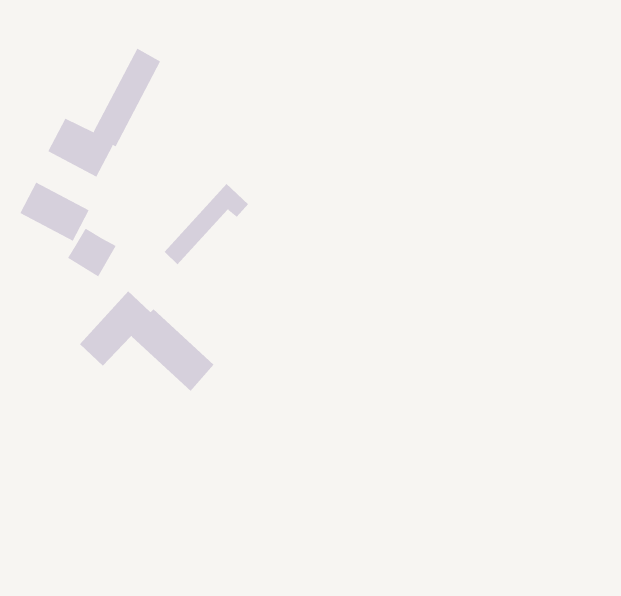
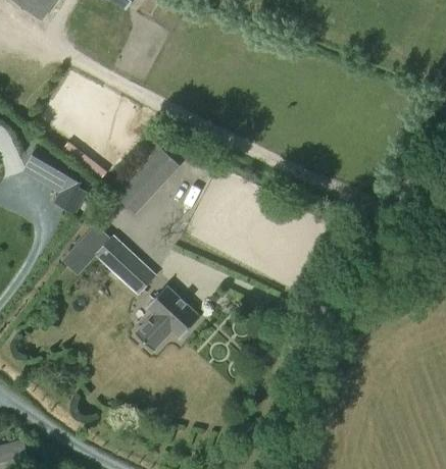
building: [48,48,161,177] -> none
building: none -> [136,285,200,351]

